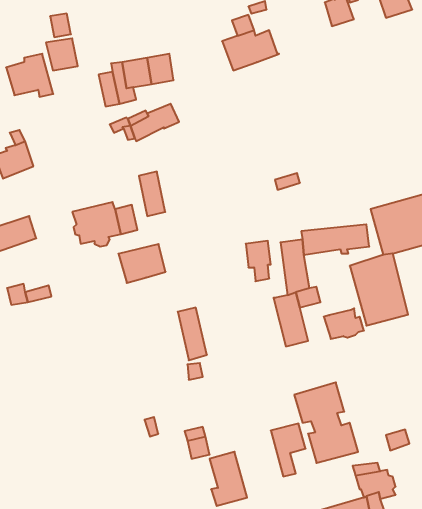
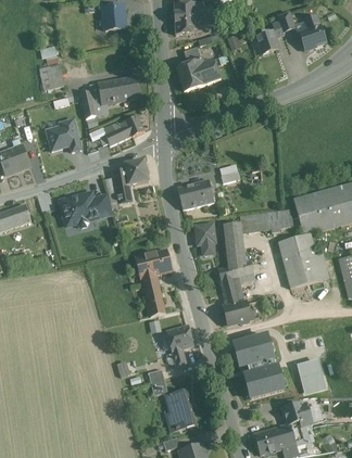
building: [6,54,53,97] -> [45,117,81,151]
building: none -> [125,160,149,185]
building: none -> [177,178,214,208]
building: [118,244,166,283] -> [135,249,172,279]
building: [324,308,364,339] -> [223,300,254,323]
building: [271,424,306,476] -> [166,325,193,366]

